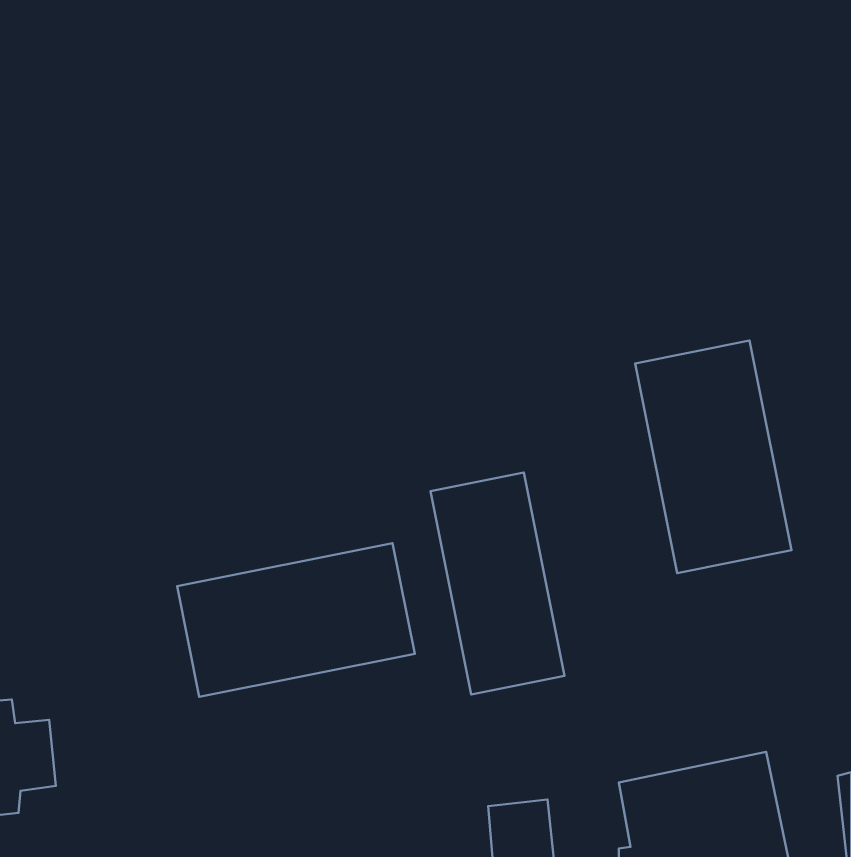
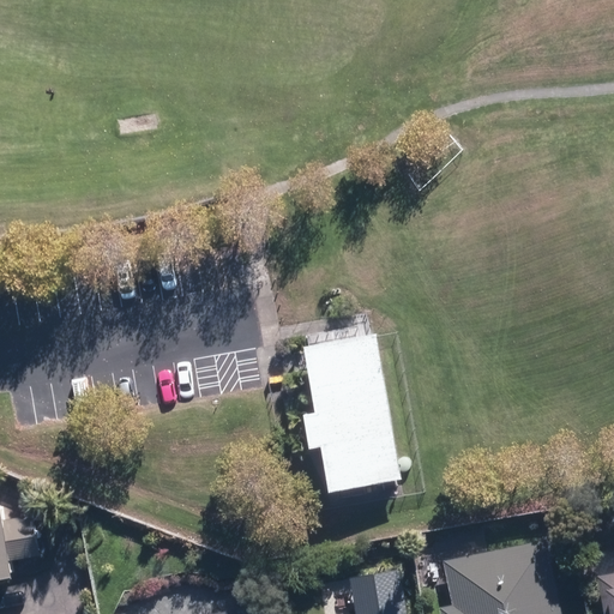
building: [635,340,792,573] -> none
building: [177,543,415,697] -> none

